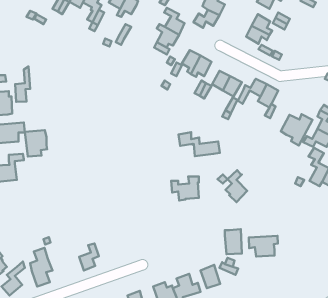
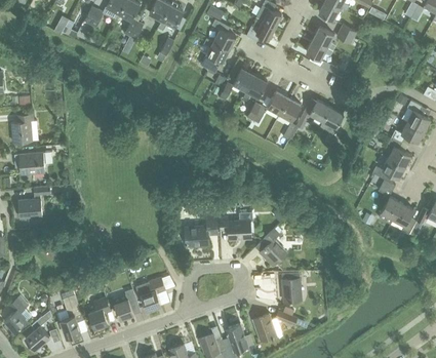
building: [15,66,30,102] -> none
building: [281,114,312,146] -> none
building: [25,130,47,157] -> none
building: [178,132,220,156] -> none
building: [226,170,247,202] -> [261,227,285,264]
building: none -> [185,213,217,244]
building: none -> [135,276,165,308]
building: [249,236,278,257] -> none
building: none -> [88,295,110,326]

